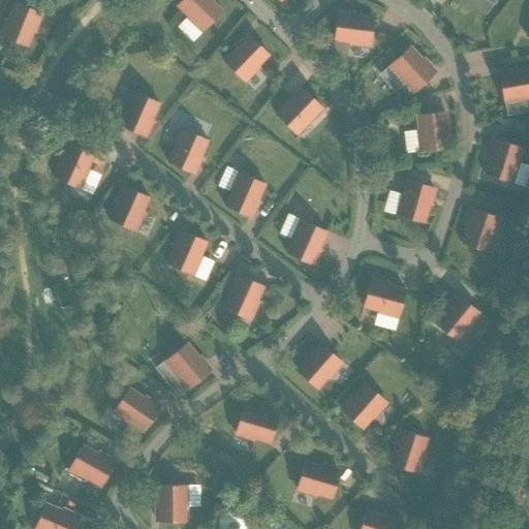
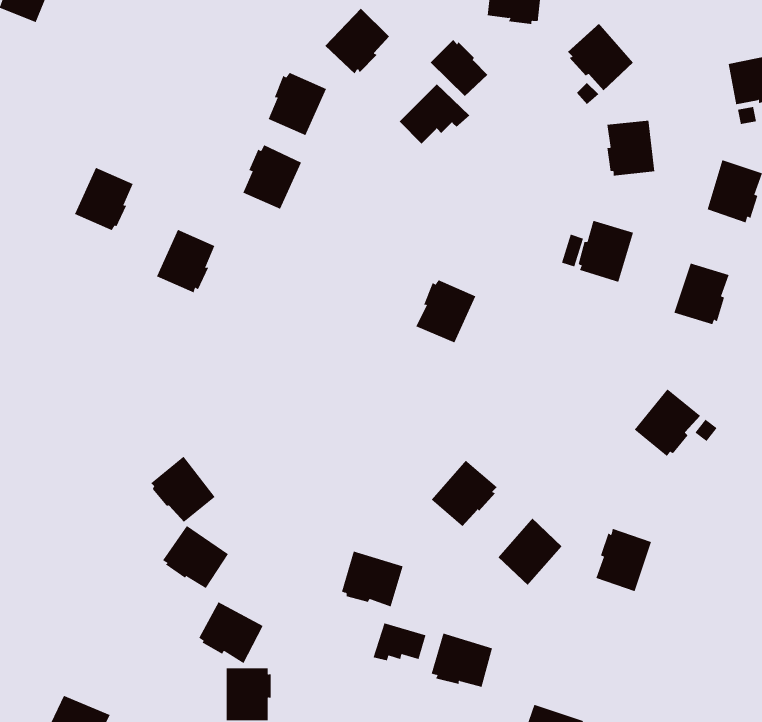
building: none -> [430,39,488,97]
building: [121,93,161,136] -> [268,72,327,136]
building: [226,174,267,218] -> none
building: [167,230,209,275] -> none
building: [224,275,266,319] -> none
building: [365,280,406,318] -> none
building: [166,343,211,388] -> [150,456,216,523]
building: [391,430,429,473] -> [596,528,652,592]
building: [70,445,115,488] -> [198,601,264,664]
building: none -> [373,622,426,661]

